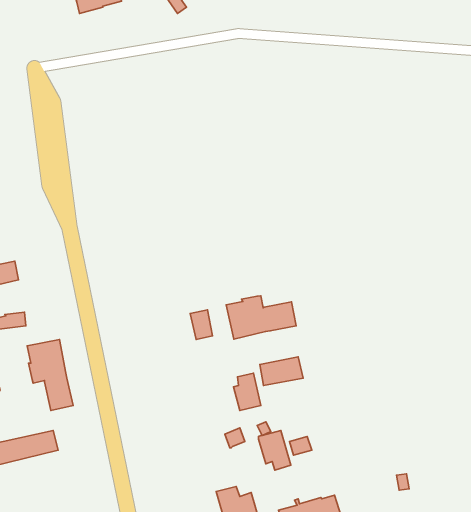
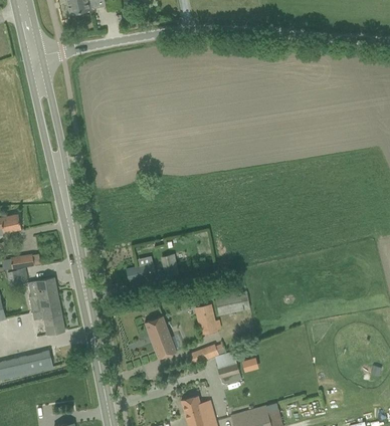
building: [226,296,296,339] -> none
building: none -> [125,263,156,283]
building: none -> [144,315,175,359]

